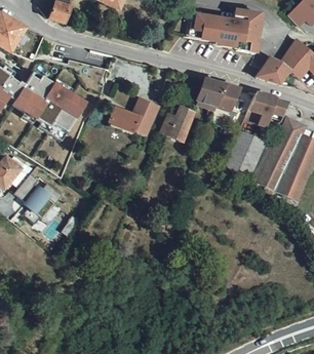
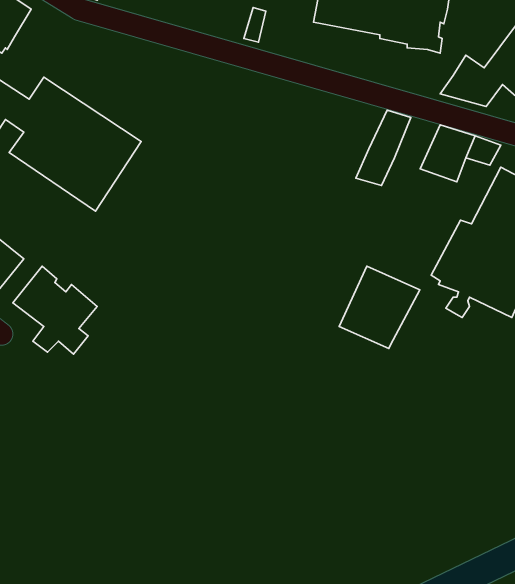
building: [196,79,225,106] -> none
building: [111,97,158,134] -> none
building: [162,106,194,141] -> none
building: [221,132,266,179] -> [339,266,420,349]

